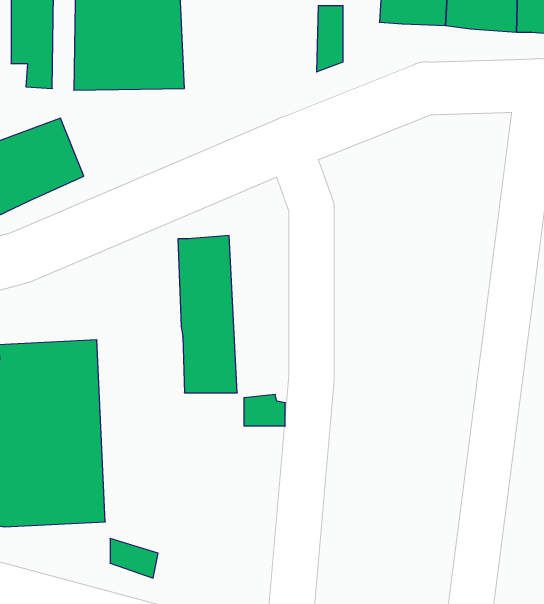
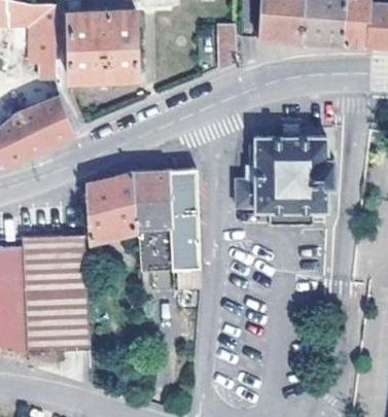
building: none -> [236,137,336,225]
building: none -> [166,170,200,268]
building: none -> [85,172,136,237]

